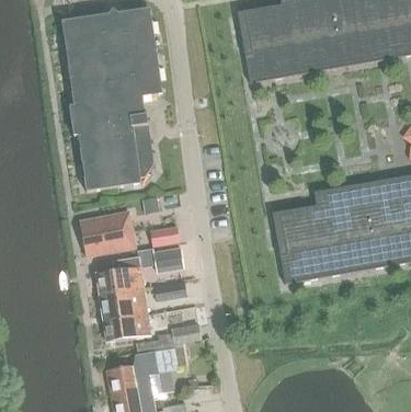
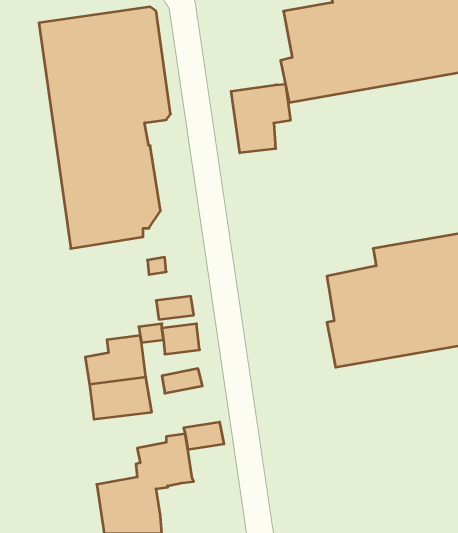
building: none -> [231,84,290,153]
building: [79,211,135,255] -> none
building: [103,314,150,342] -> none

